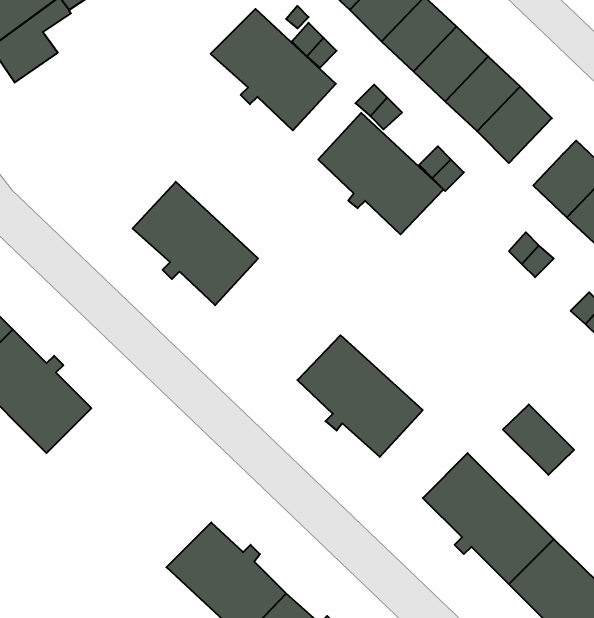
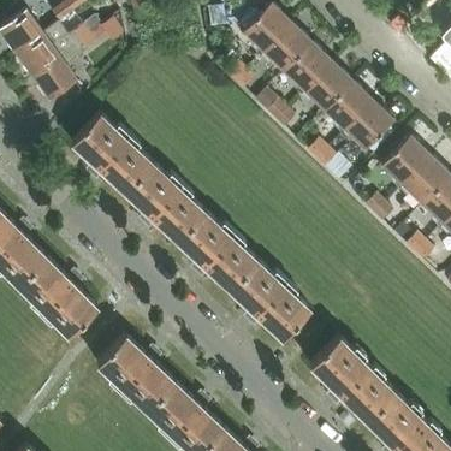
building: [211,9,336,130] -> [70,114,150,192]
building: [318,113,444,234] -> [176,212,256,290]
building: [503,404,574,475] -> none
building: none -> [96,334,173,410]

